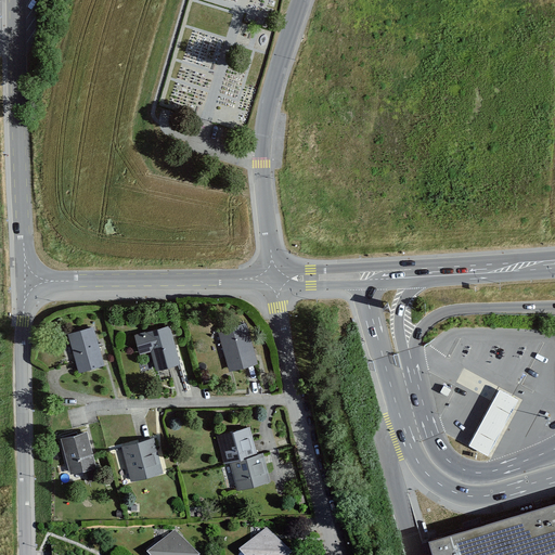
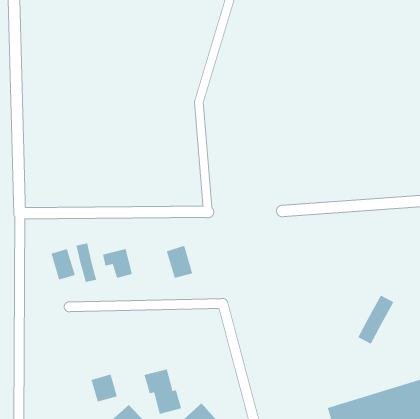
building: none -> [76,242,97,283]
building: [218,430,269,491] -> [143,369,182,415]
building: [60,434,92,474] -> none
building: [124,441,159,479] -> [90,374,118,402]

